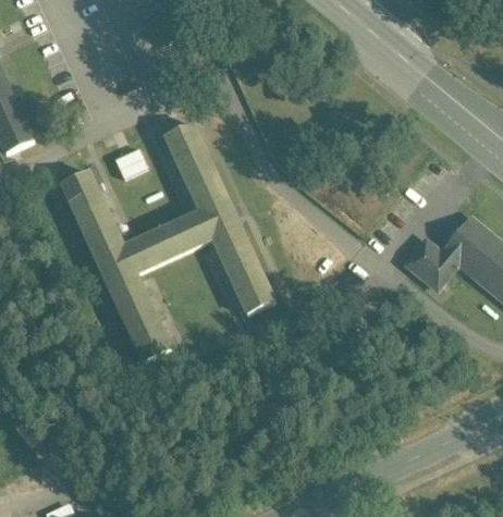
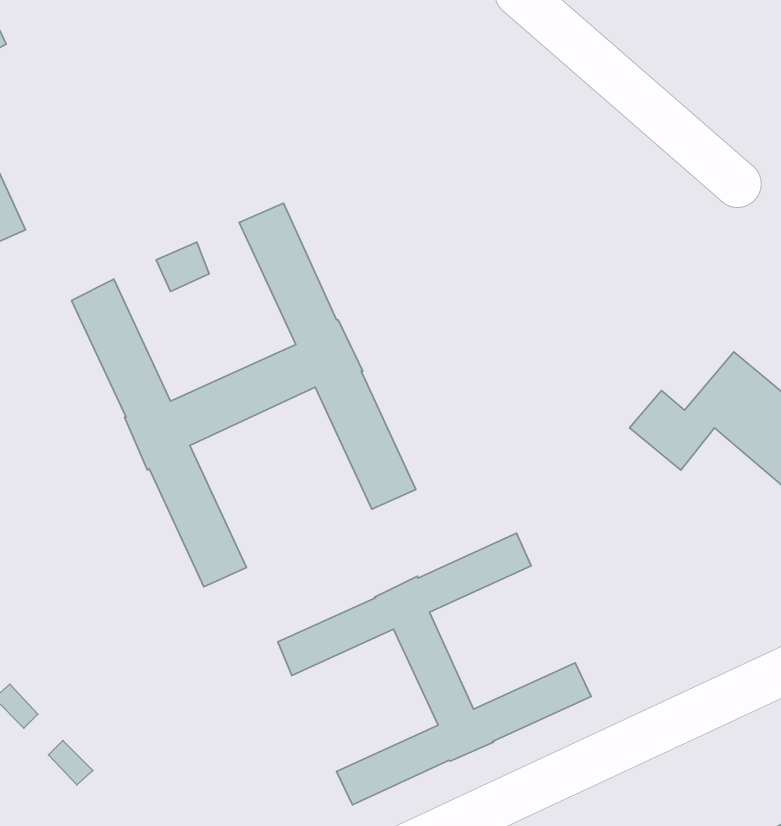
building: none -> [278,533,591,805]

